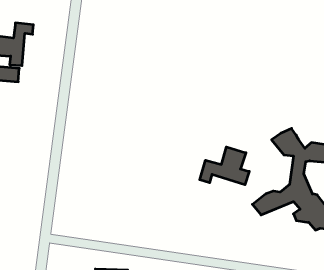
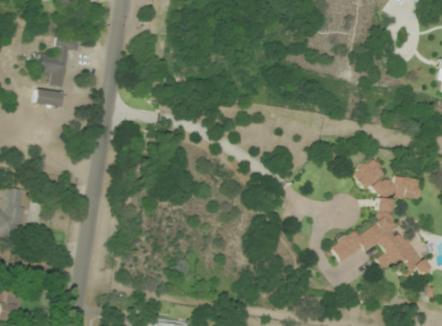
building: [200,147,249,185] -> none

